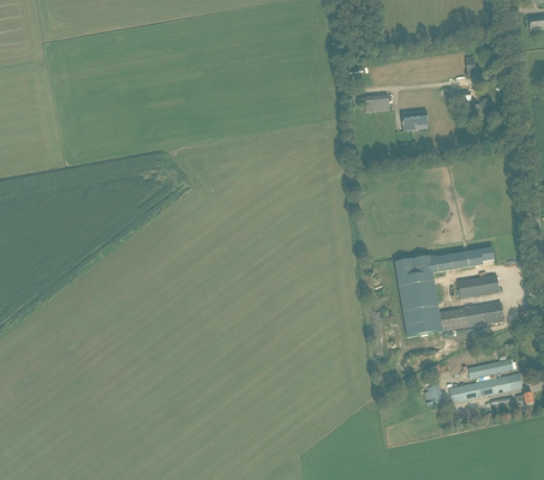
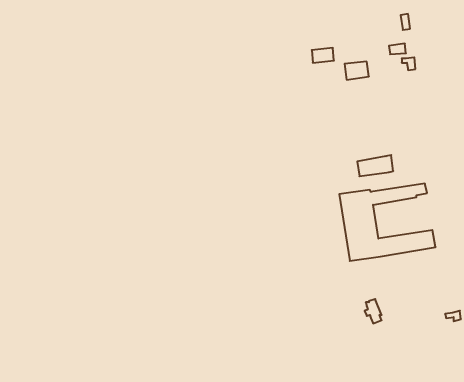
building: [458,274,498,298] -> [357,155,393,176]
building: [448,359,521,403] -> none

